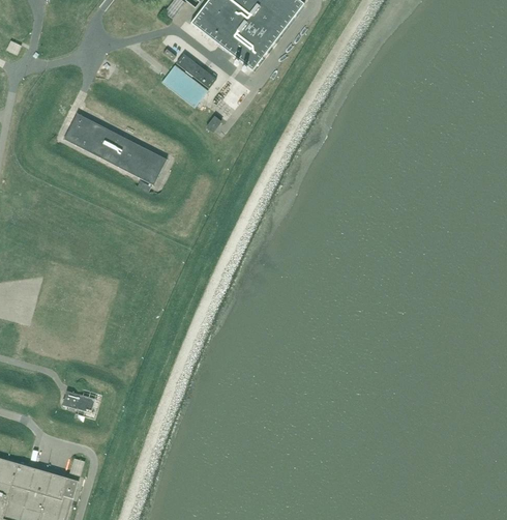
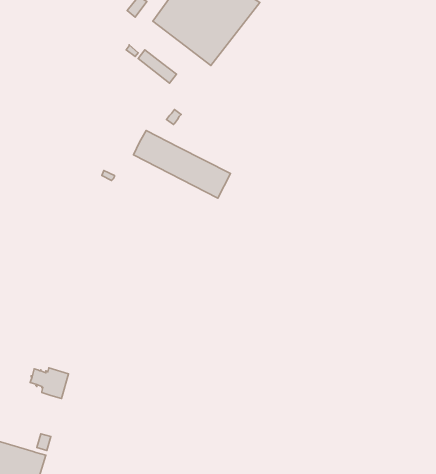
building: [160,64,207,107] -> none
building: [63,113,166,184] -> [133,130,231,198]

